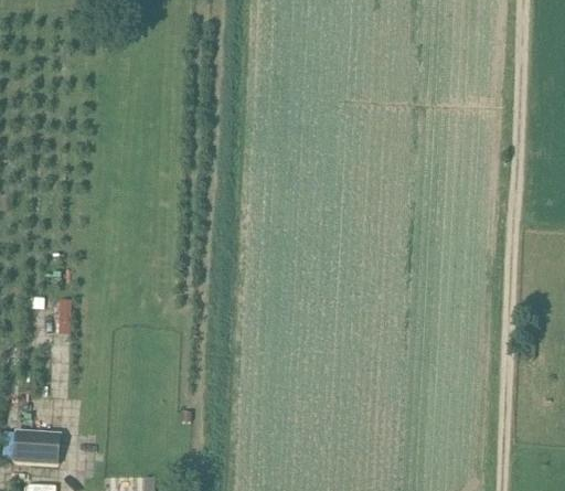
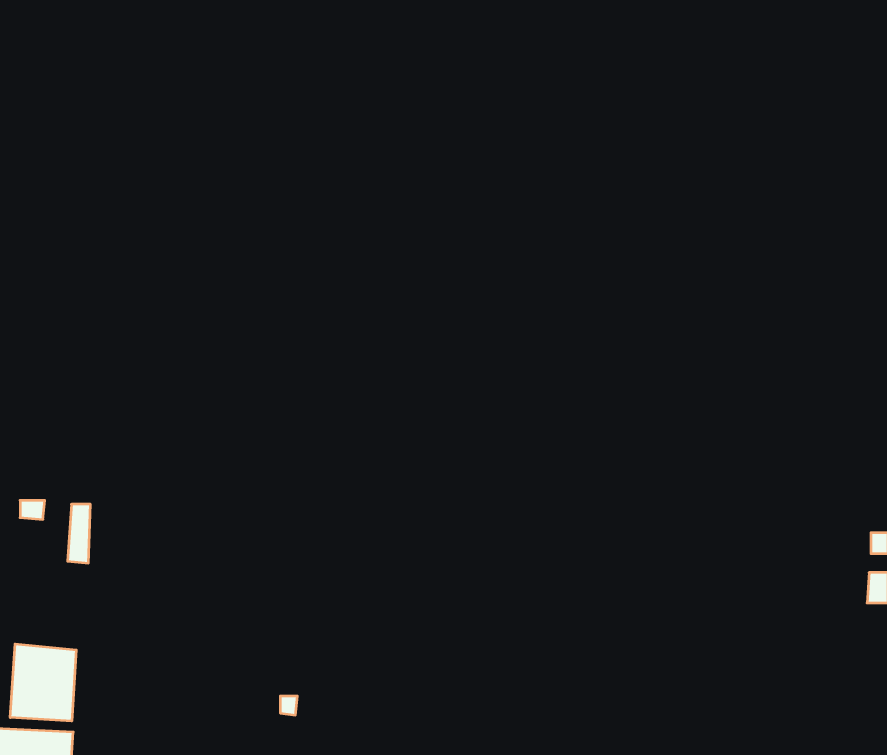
building: none -> [10,644,76,721]

